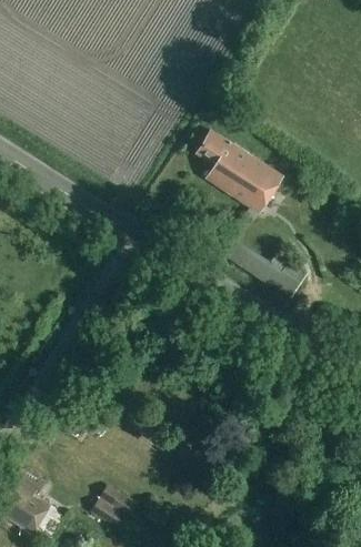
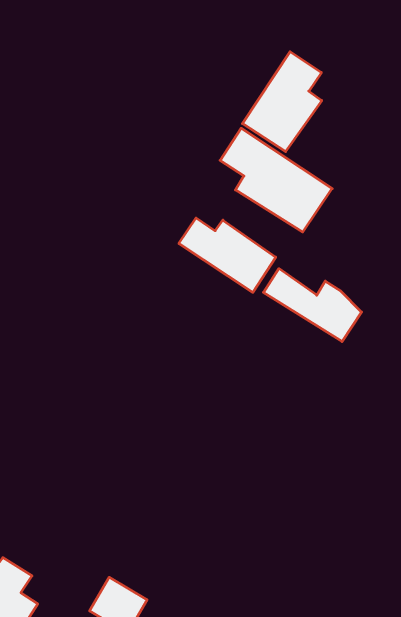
building: none -> [242,52,322,152]
building: none -> [179,218,276,292]

